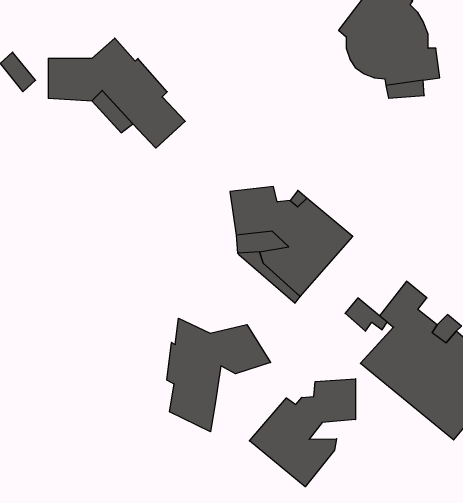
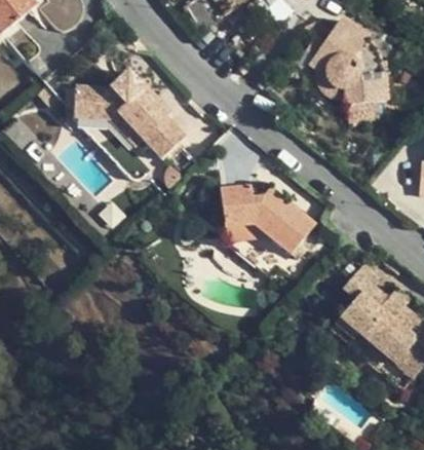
building: [167,318,271,432] -> none
building: [249,379,356,487] -> none

